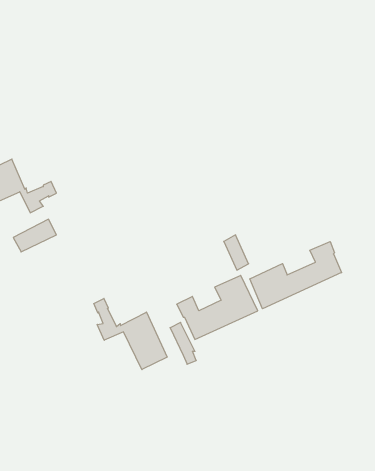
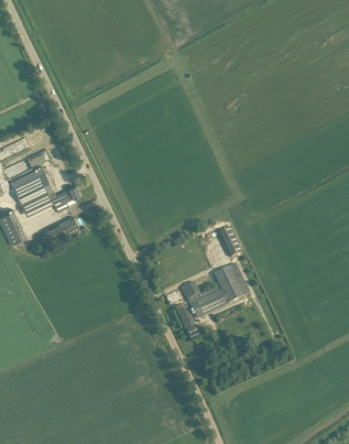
building: [250,242,342,309] -> none
building: [94,298,167,370] -> none

